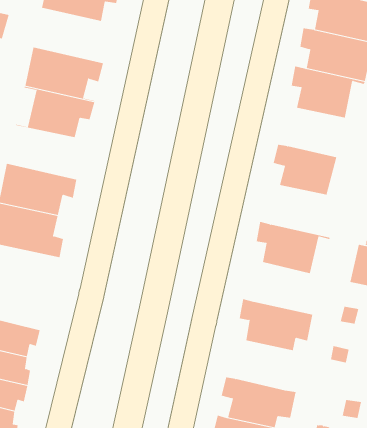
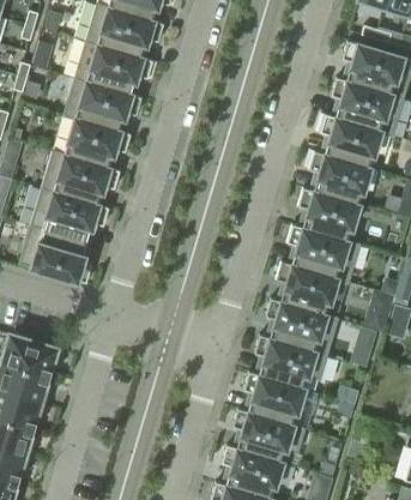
building: none -> [74,41,152,98]
building: none -> [308,151,370,205]
building: none -> [41,152,120,209]
building: none -> [286,225,359,282]
building: none -> [265,299,337,355]
building: none -> [243,372,304,426]

